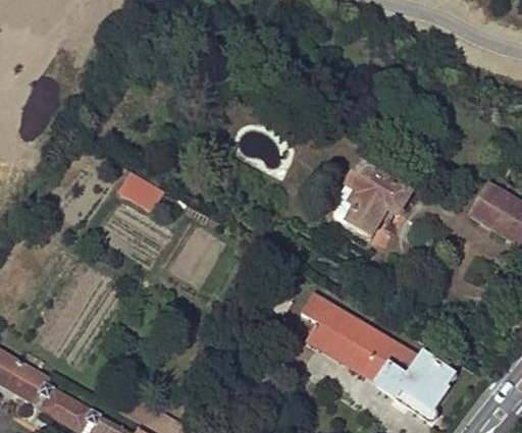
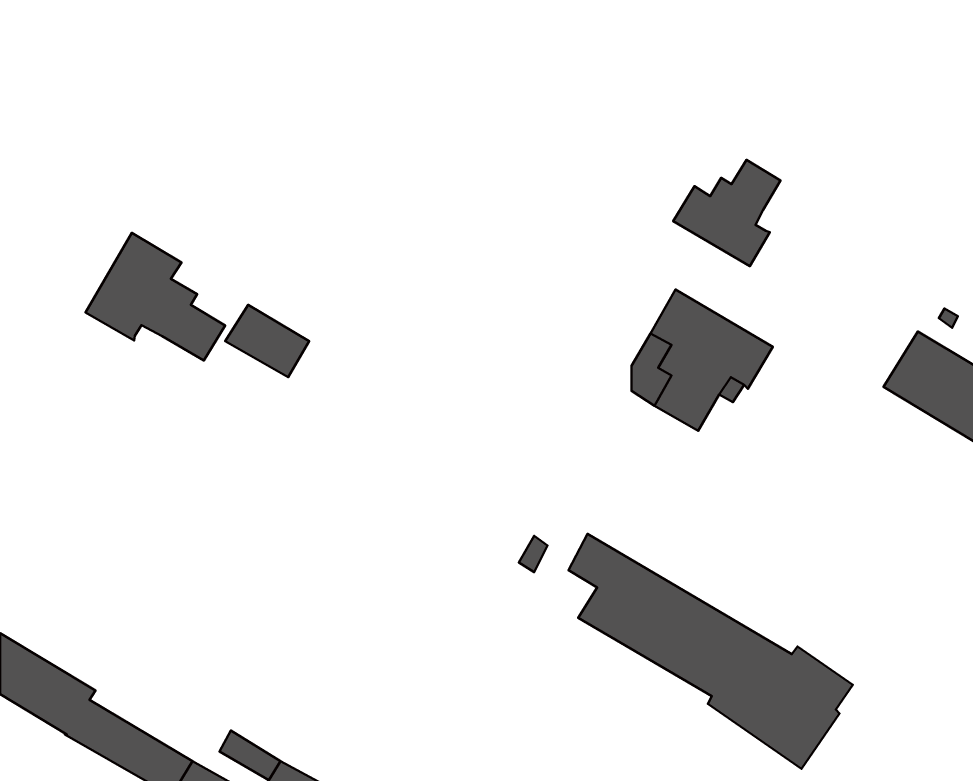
building: none -> [673,160,780,266]
building: none -> [86,233,225,361]

